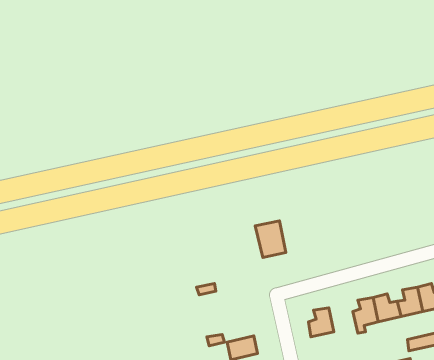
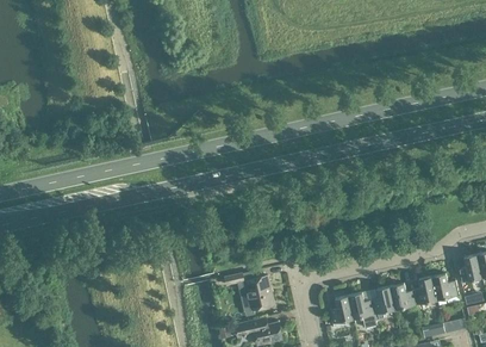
building: [255,221,286,258] -> [245,275,274,310]
building: none -> [349,292,378,328]

